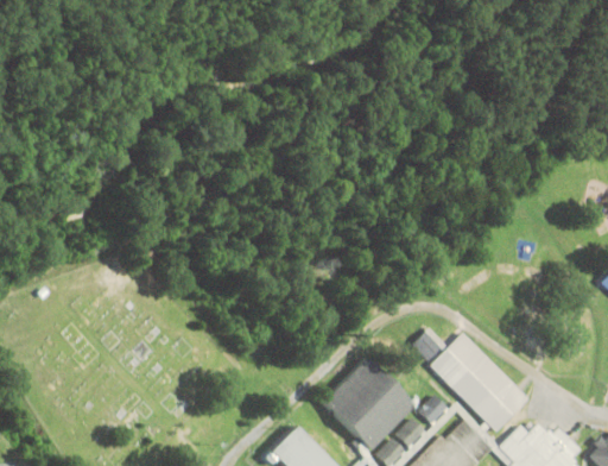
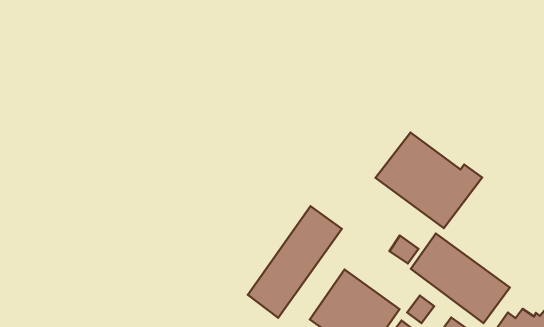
building: none -> [376,132,482,228]
building: none -> [248,206,342,318]

